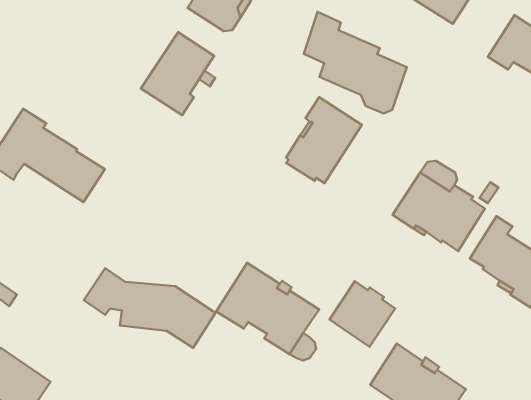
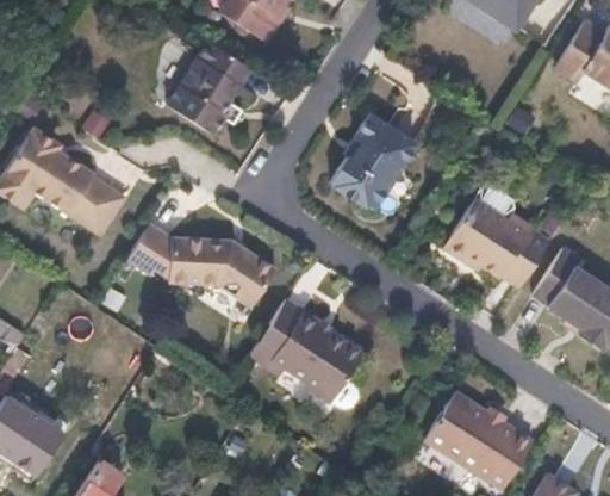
building: [304,12,407,114] -> none
building: [84,268,215,348] -> [129,219,276,309]
building: [329,281,395,347] -> none

